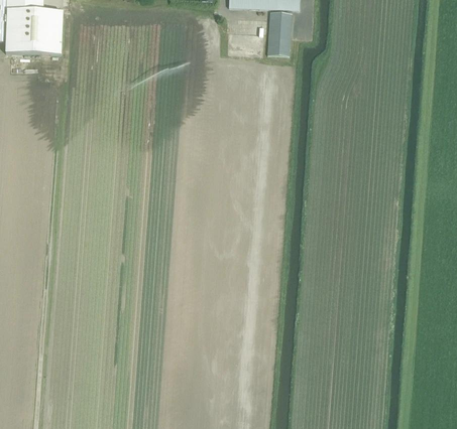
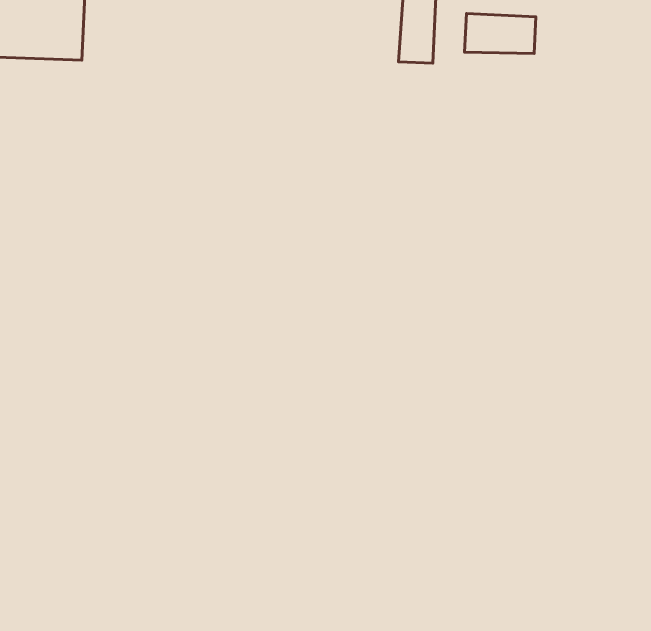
building: none -> [465,13,536,54]

